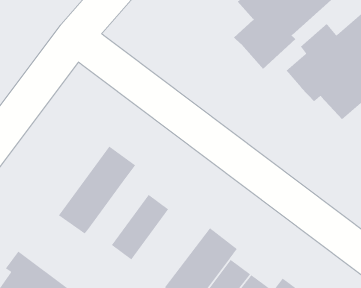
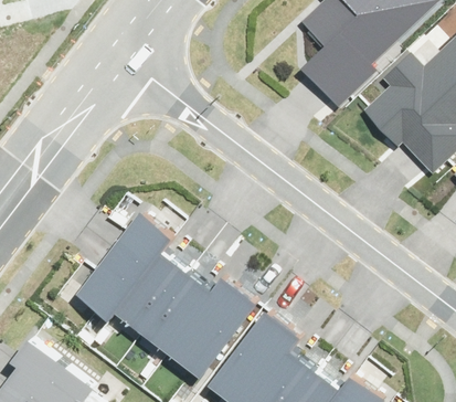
building: none -> [119,247,192,329]
building: none -> [171,273,262,373]

